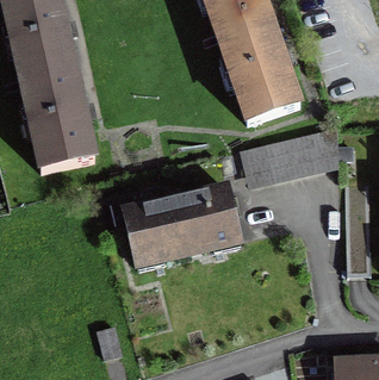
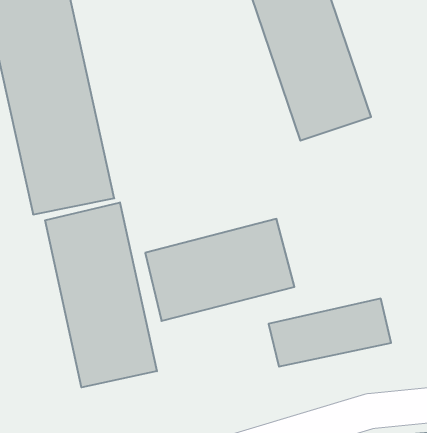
building: [240,130,338,185] -> [269,299,391,367]
building: none -> [45,202,157,387]

